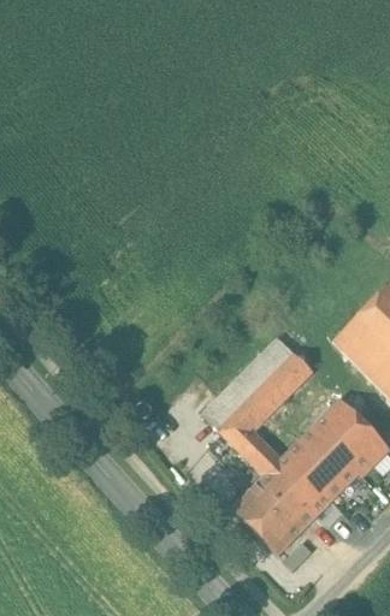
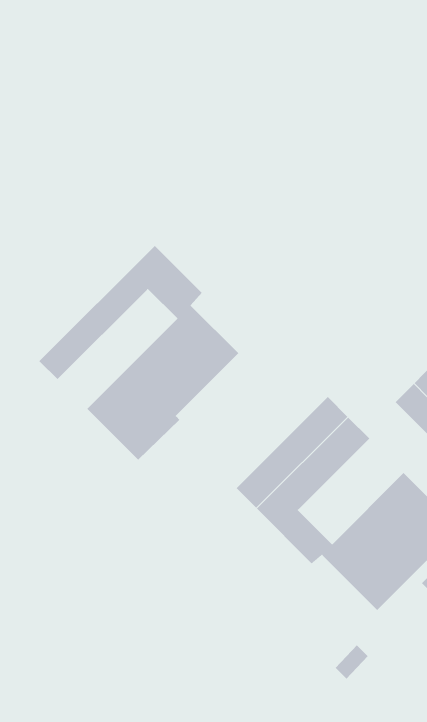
building: none -> [39,245,239,461]
building: [232,468,319,555] -> none

